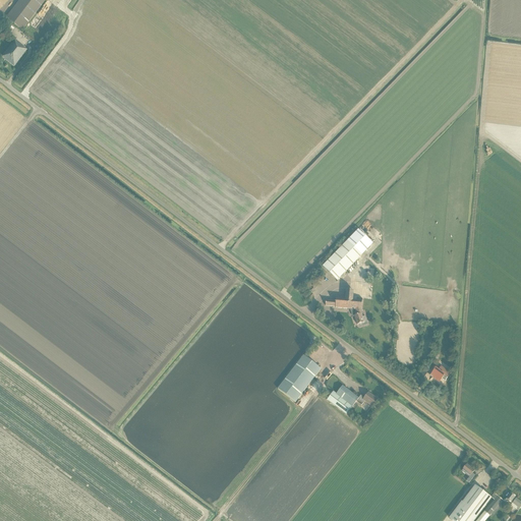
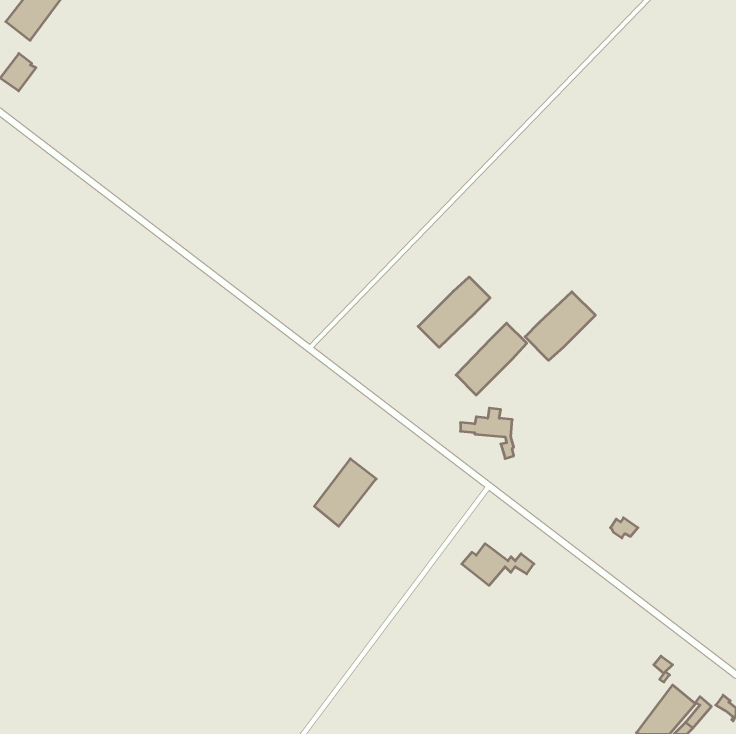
building: none -> [418,277,490,347]
building: none -> [525,292,595,360]
building: [277,353,321,401] -> [314,459,376,526]

